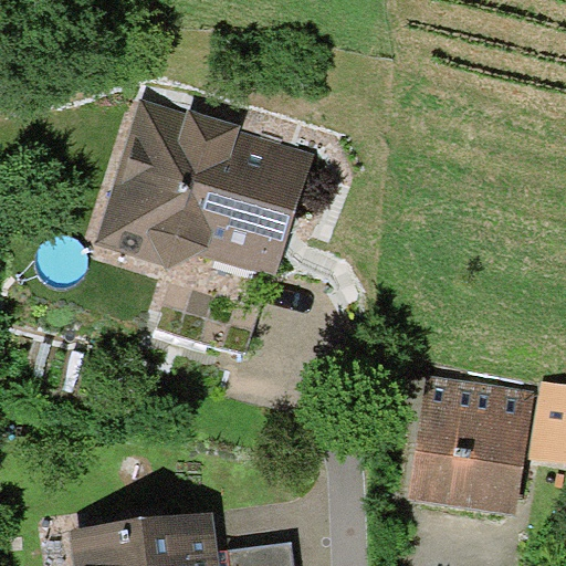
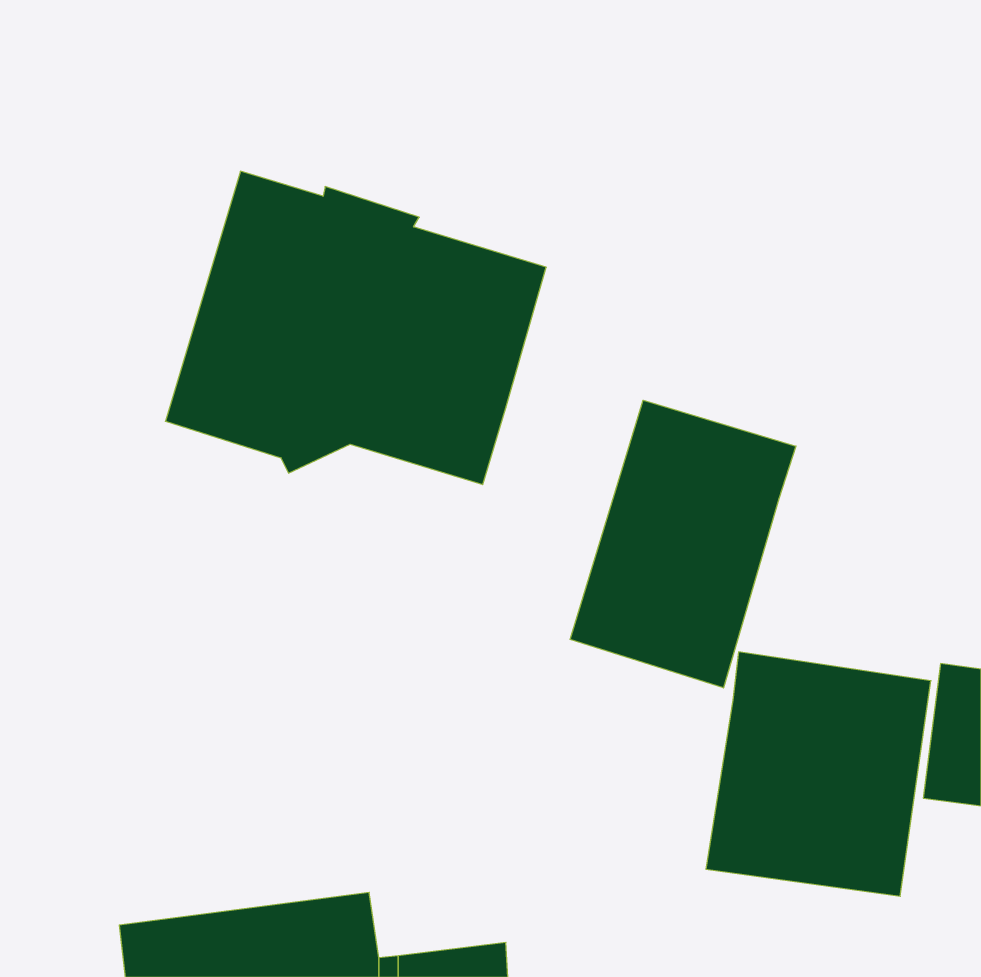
building: none -> [570,400,796,688]

